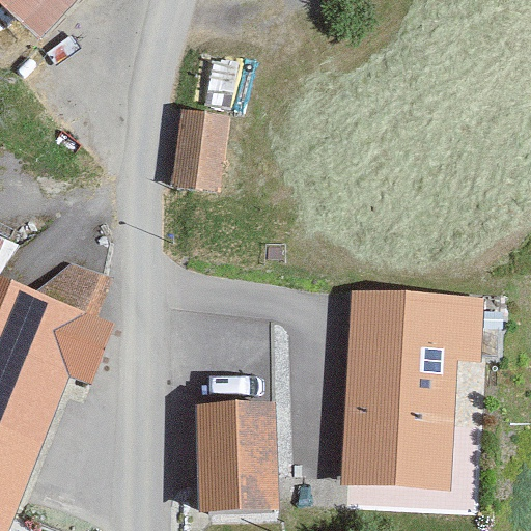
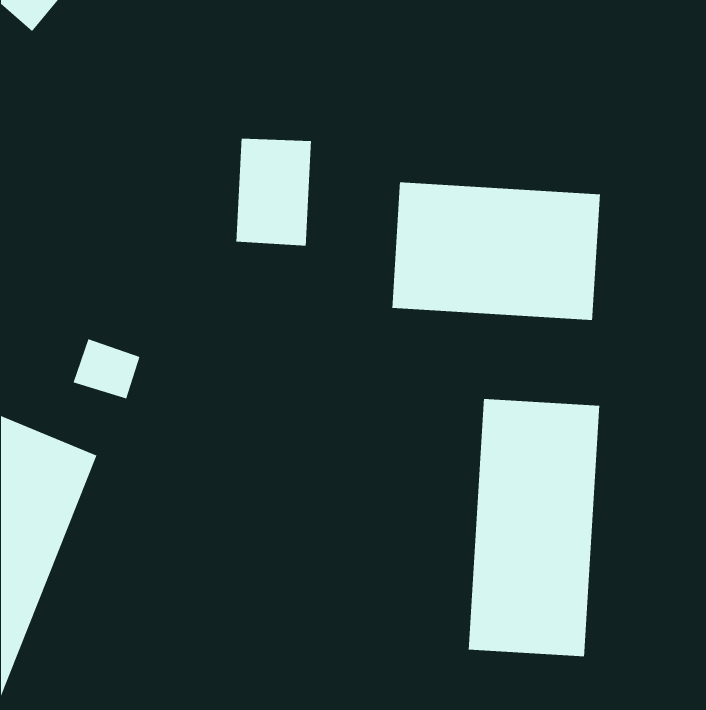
building: none -> [391,182,601,321]
building: [195,424,266,509] -> none

